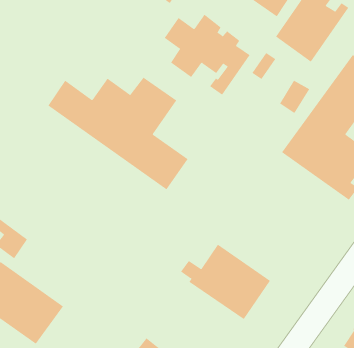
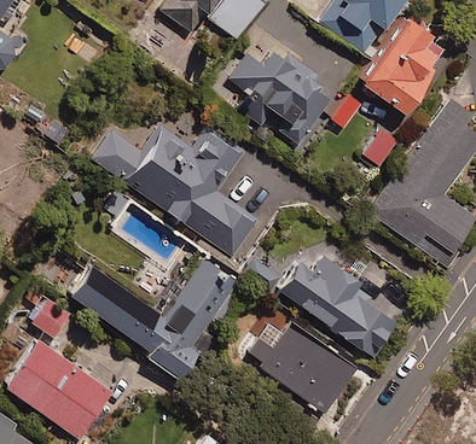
building: none -> [275,252,399,356]
building: none -> [69,256,239,376]

